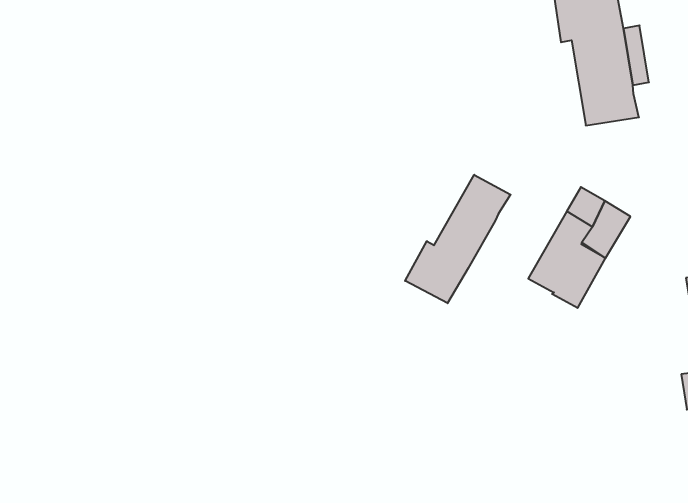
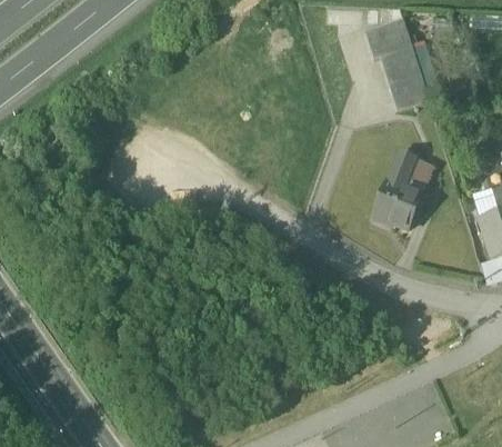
building: [405,175,511,303] -> none

